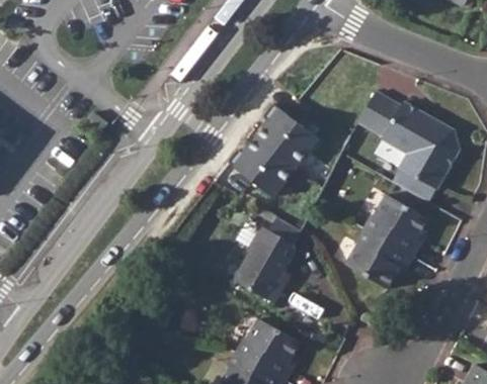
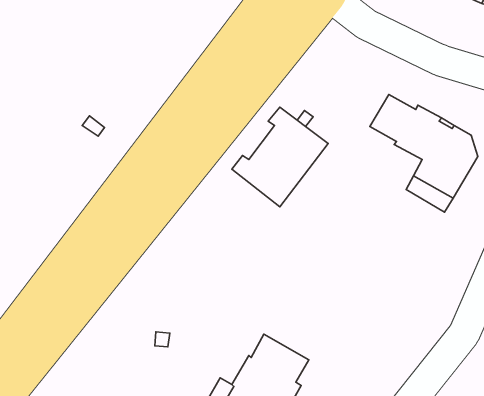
building: [345,195,428,289] -> none
building: [234,217,302,304] -> none

